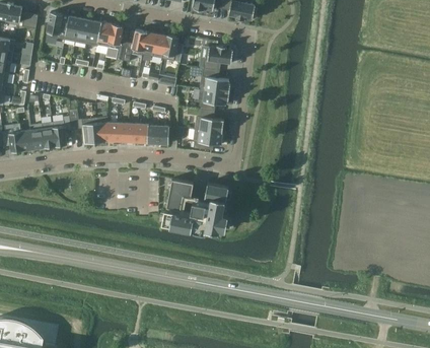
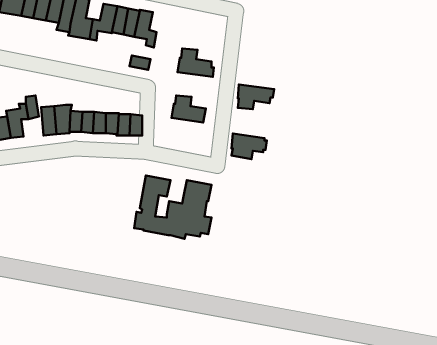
building: [203,46,234,70] -> none
building: [198,89,229,111] -> [238,84,274,109]
building: [193,129,223,151] -> [232,133,267,159]

